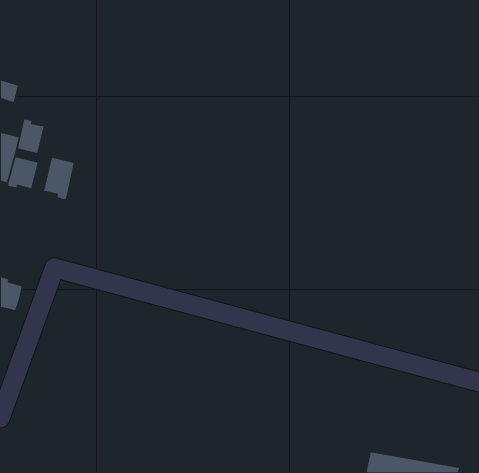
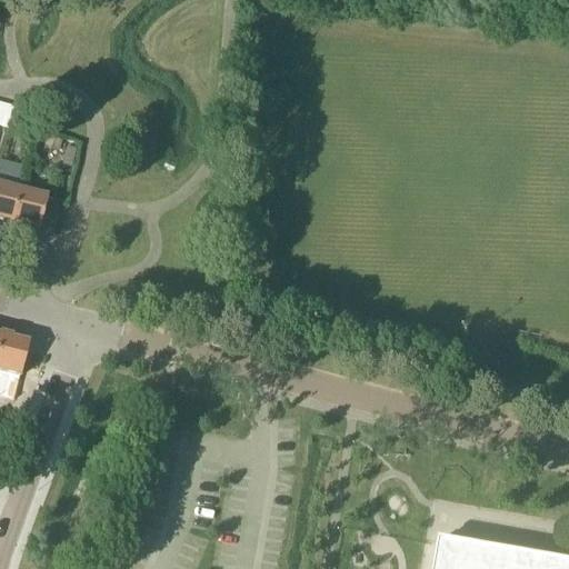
building: [17,119,44,154] -> none
building: [43,157,75,200] -> none

